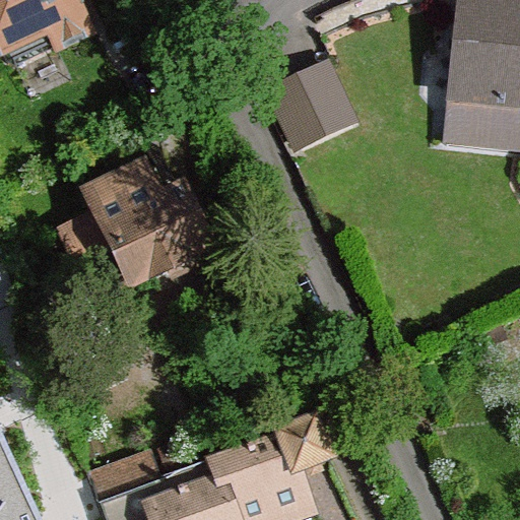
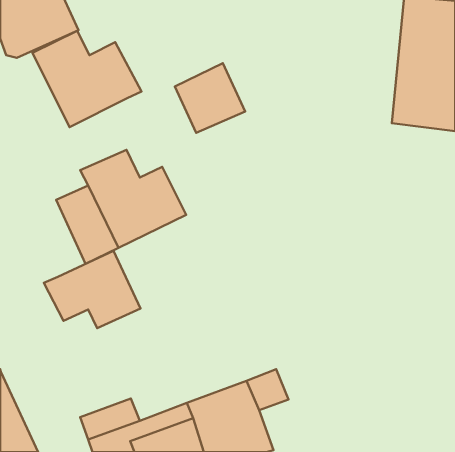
building: none -> [32,31,142,127]
building: [274,66,354,145] -> [175,63,245,133]
building: none -> [44,251,141,328]

